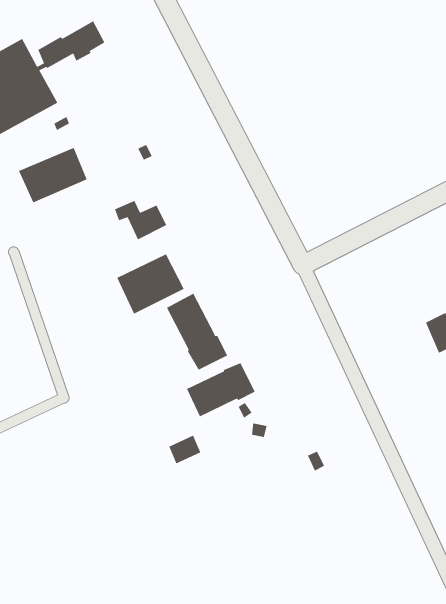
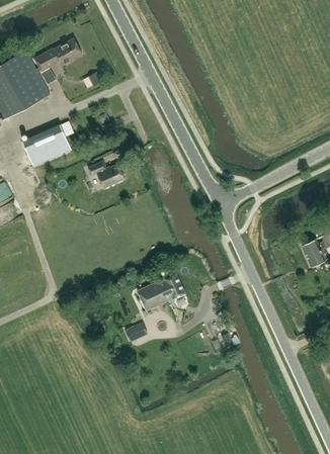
building: [116,253,184,315] -> none
building: [166,293,228,370] -> none

